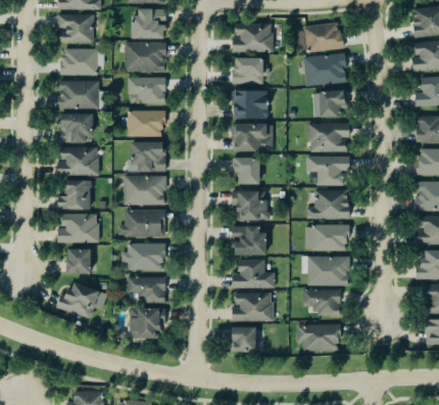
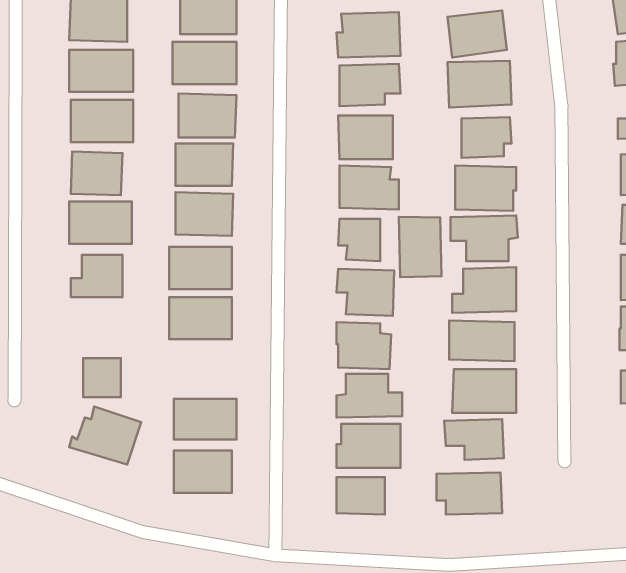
building: none -> [399,217,442,277]
building: [57,215,99,241] -> none
building: [126,242,163,271] -> none

